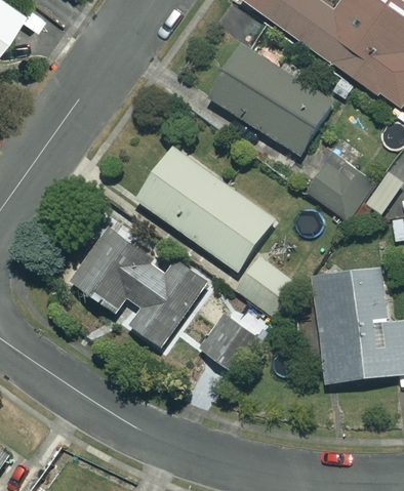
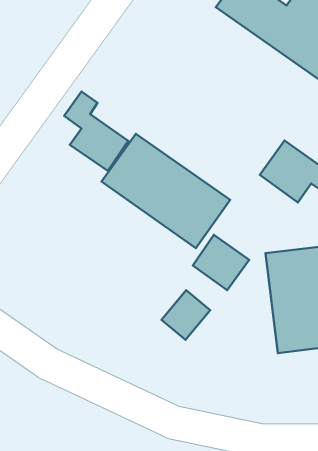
building: [207,45,332,154] -> none
building: none -> [64,92,128,171]
building: [71,228,206,346] -> none

